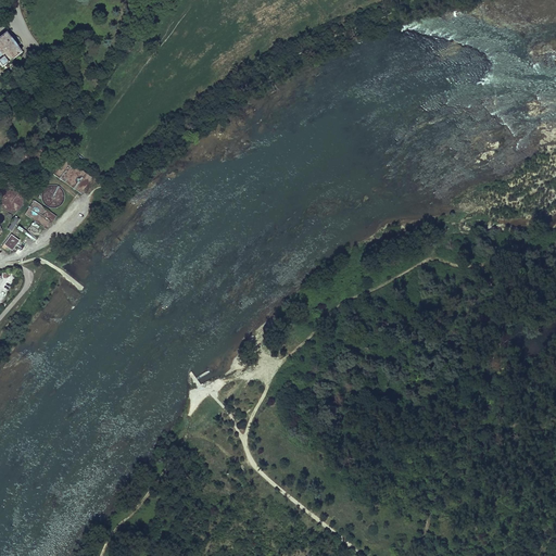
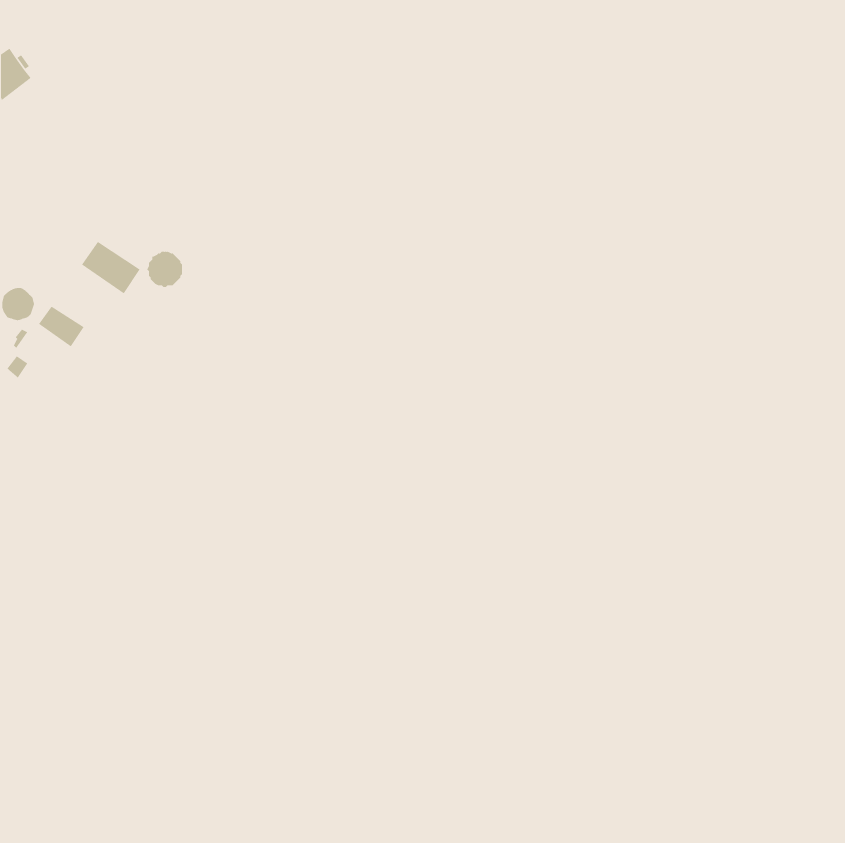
building: [40,185,64,208] -> [146,251,183,288]

